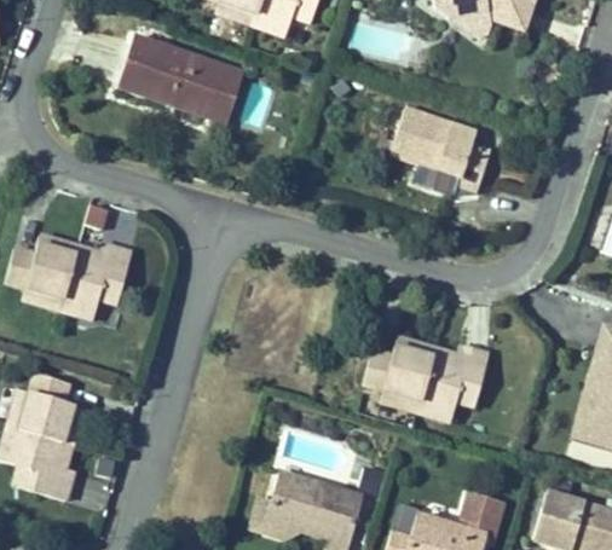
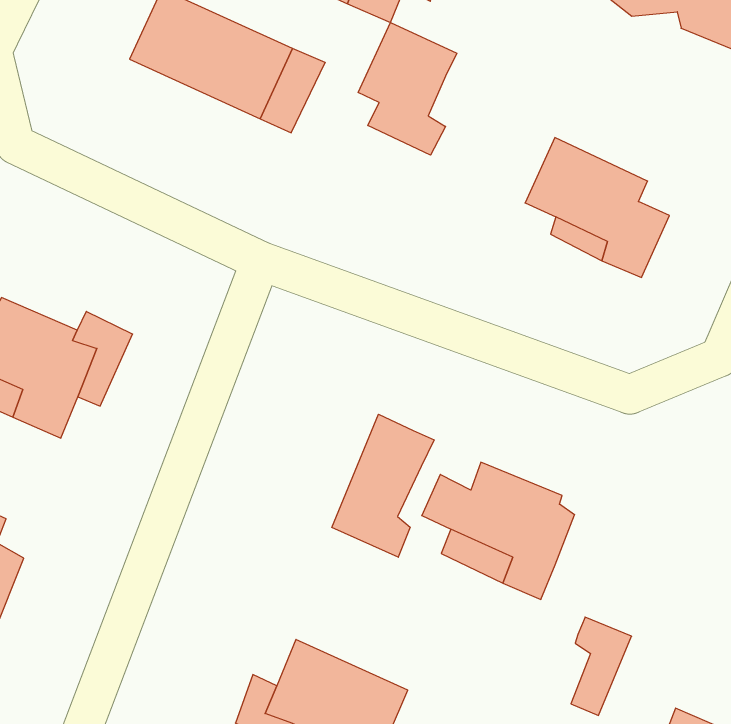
building: none -> [358,22,457,155]
building: none -> [332,414,434,557]
building: [445,336,483,401] -> [571,617,632,715]

